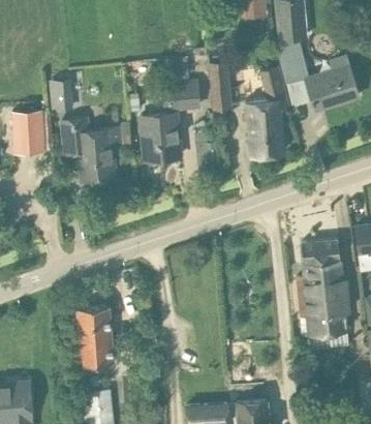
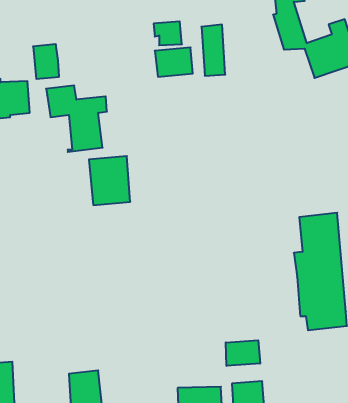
building: [244,65,287,156] -> none
building: [141,114,180,160] -> [89,156,130,205]
building: [78,305,114,373] -> none
building: none -> [226,340,260,366]

